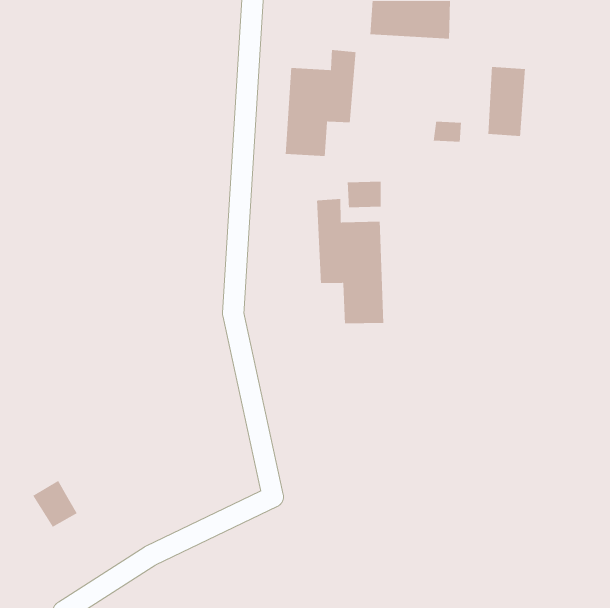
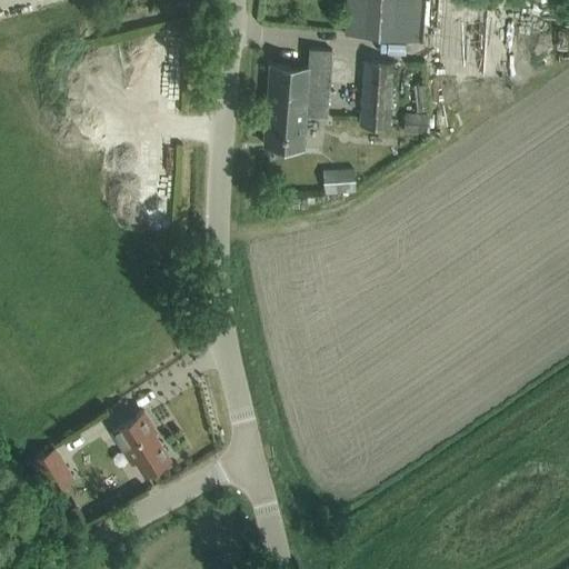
building: [487,66,526,137] -> [360,63,396,129]
building: [316,198,384,324] -> none
building: none -> [112,412,170,475]

